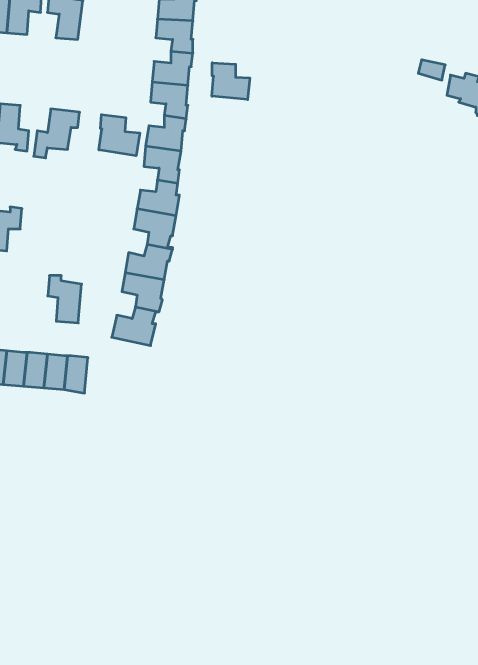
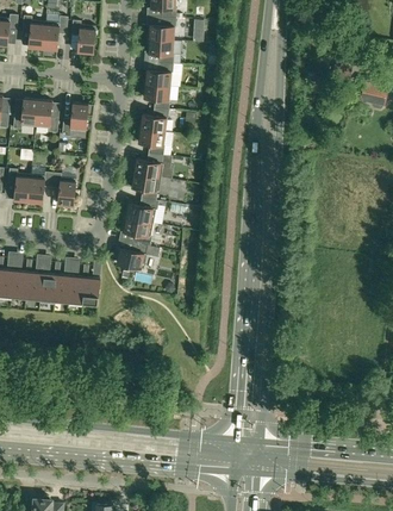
building: [212,63,250,100] -> none
building: [99,115,140,156] -> none
building: [48,276,82,323] -> [51,174,75,207]

